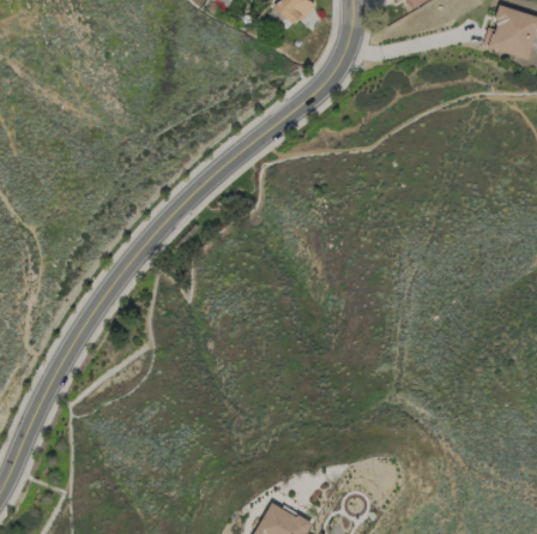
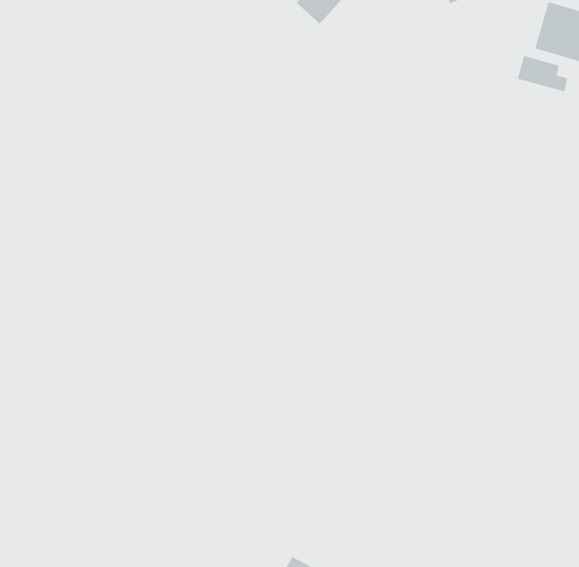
building: none -> [517,55,567,92]

